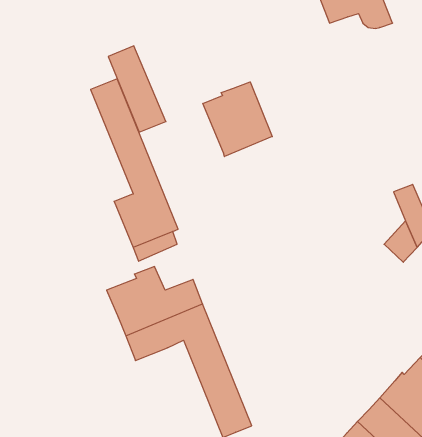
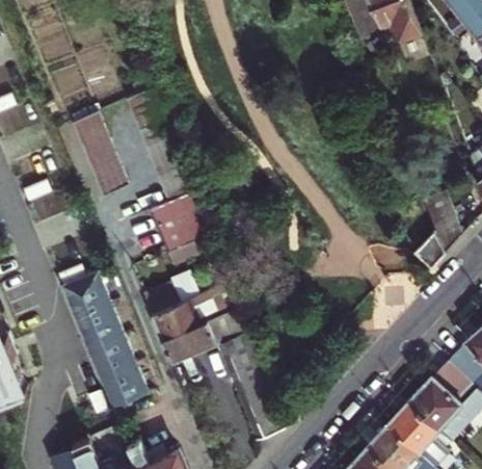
building: [108,46,166,132] -> [72,112,128,197]
building: [203,82,272,157] -> none
building: none -> [62,271,146,412]

